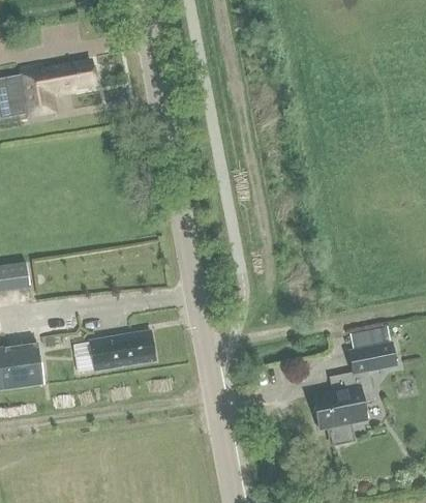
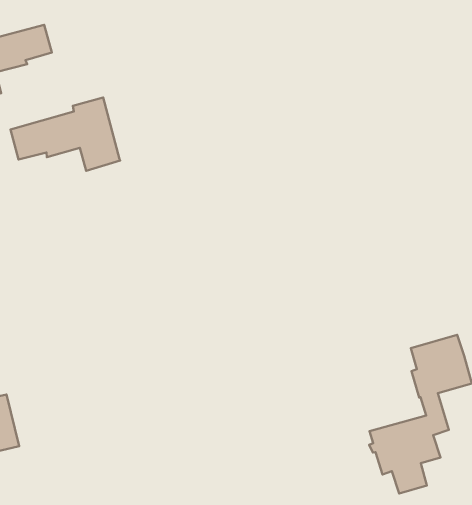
building: none -> [11,97,120,171]
building: [72,330,155,372] -> none

